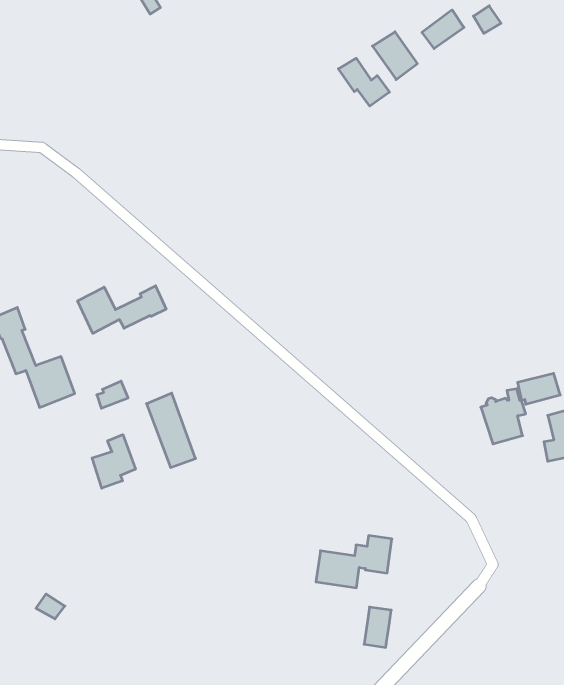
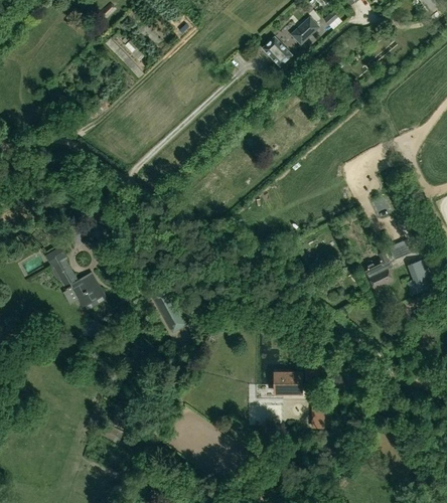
building: [338,58,389,106] -> none
building: [78,286,166,333] -> none
building: [92,435,135,488] -> none

